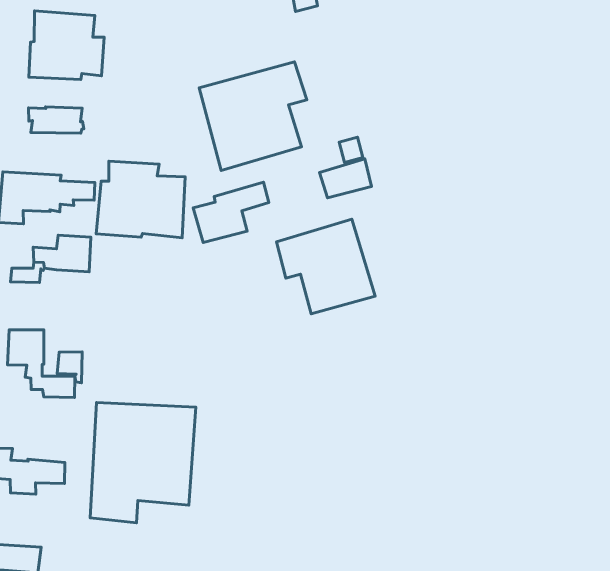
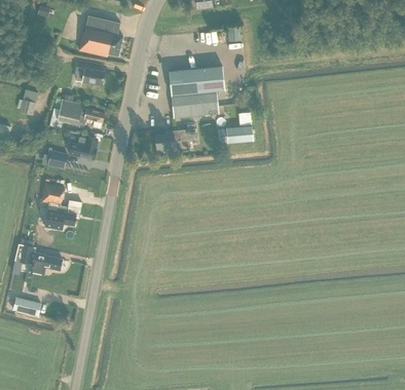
building: [96,161,185,238] -> none
building: [277,219,375,314] -> none
building: [90,402,196,523] -> none

